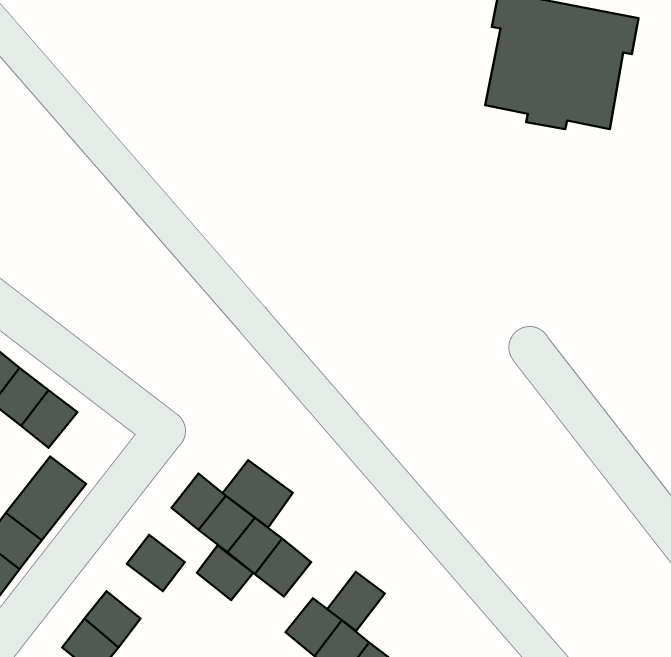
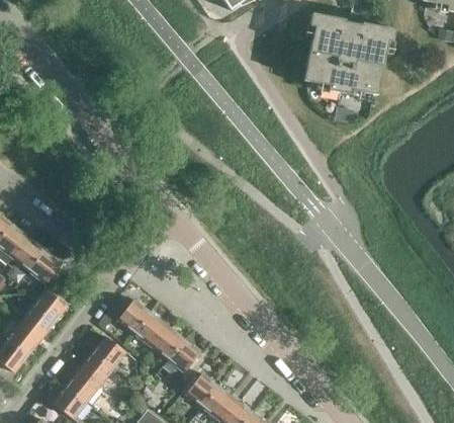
building: [223,460,293,528] -> none
building: [197,546,253,600] -> [79,352,112,385]
building: [327,572,385,631] -> none

